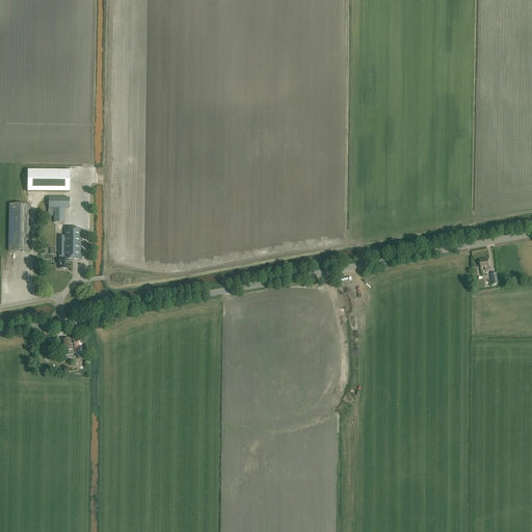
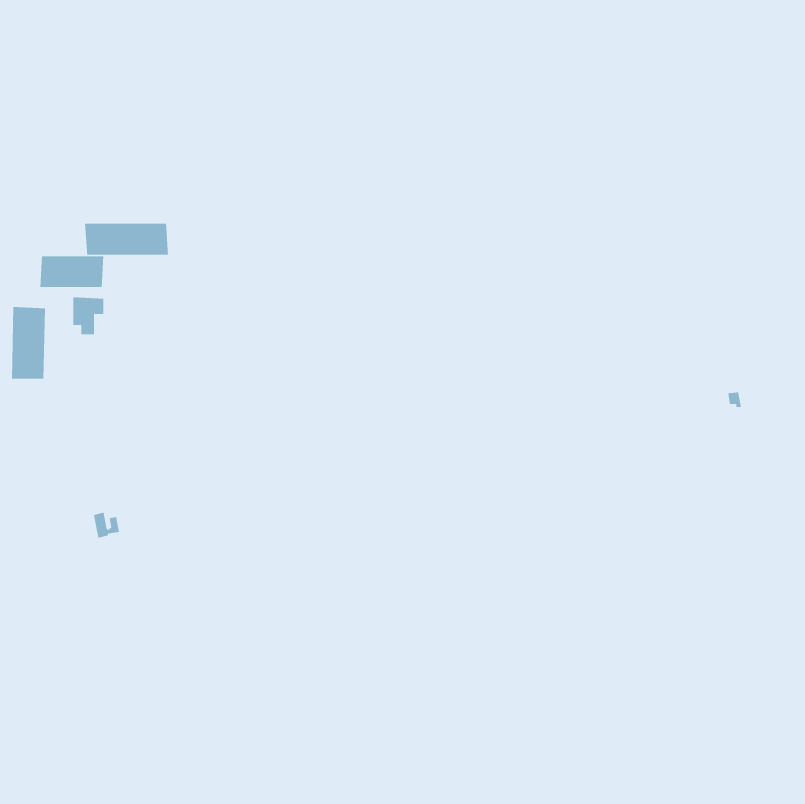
building: none -> [85,223,169,255]
building: [57,227,80,267] -> none

